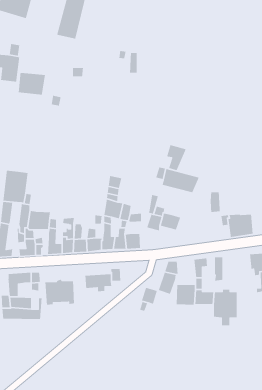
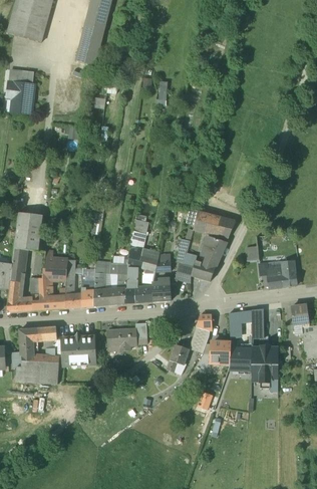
building: [18,72,46,95] -> none
building: [166,144,187,171] -> [203,235,226,265]

